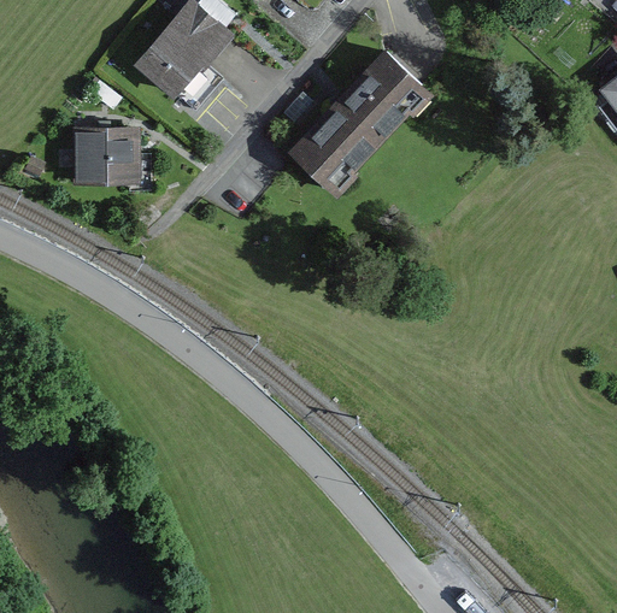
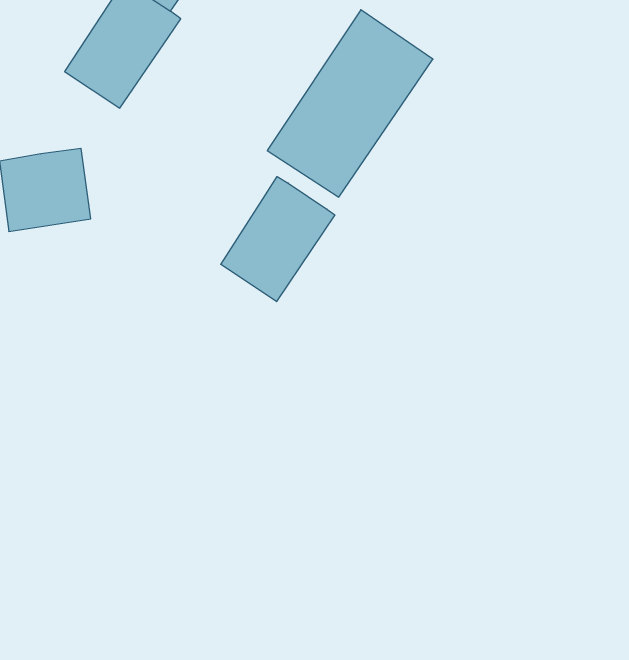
building: none -> [221,177,335,302]

